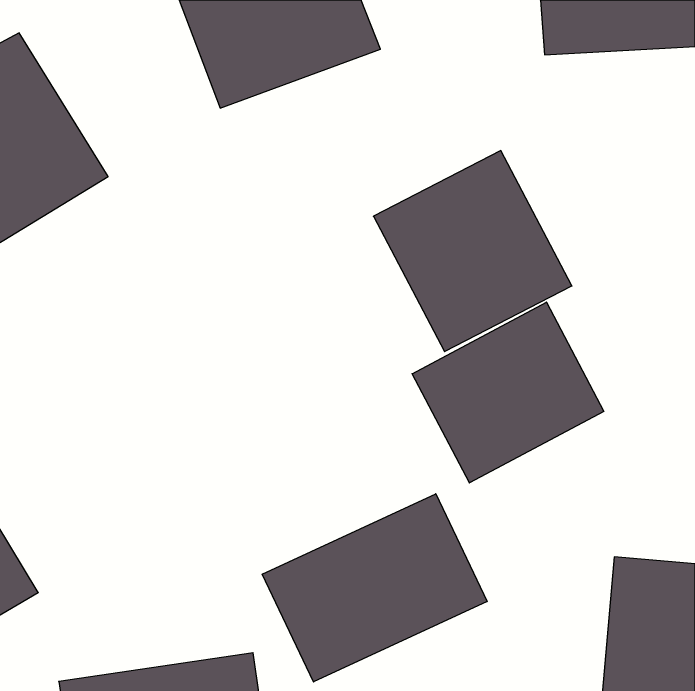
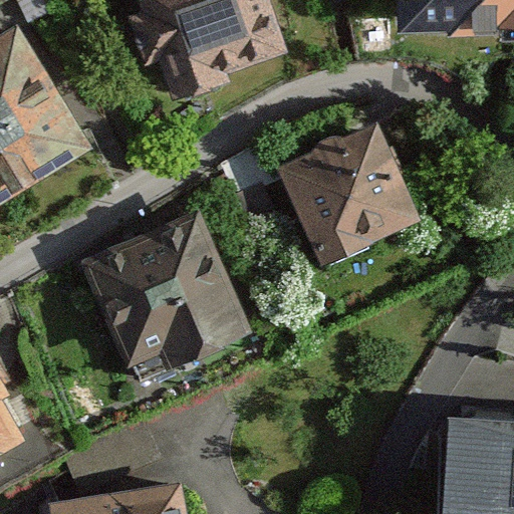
building: none -> [88,206,252,375]
building: [412,302,604,483] -> none
building: [262,494,487,682] -> none

